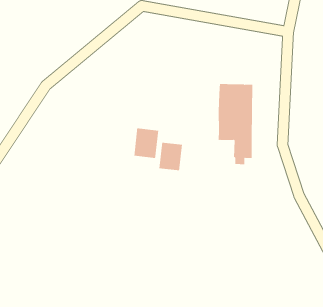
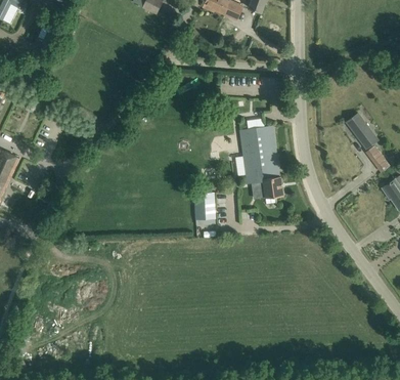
building: [134,127,159,159] -> none

